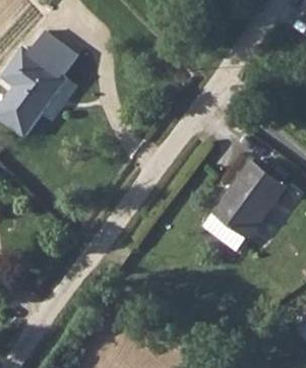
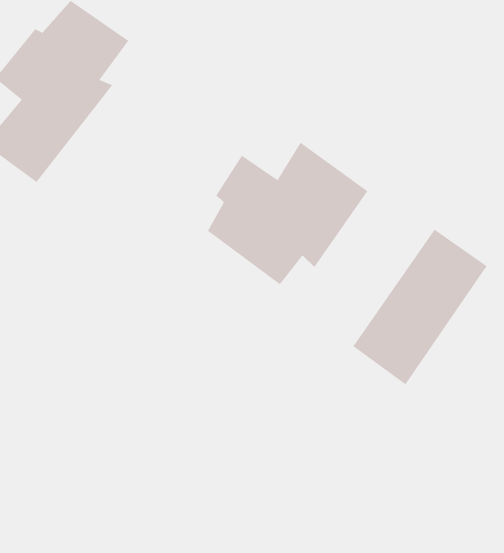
building: none -> [207,142,368,285]

